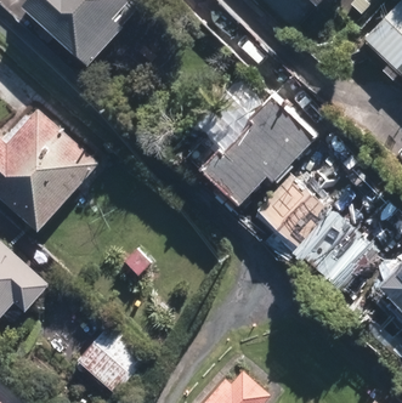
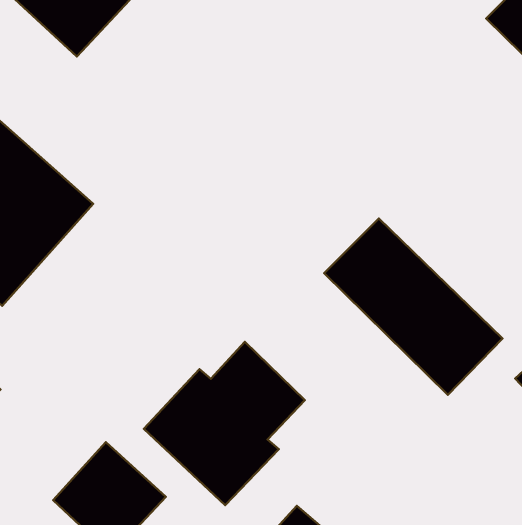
building: [202,93,317,204] -> none
building: none -> [144,342,305,505]

